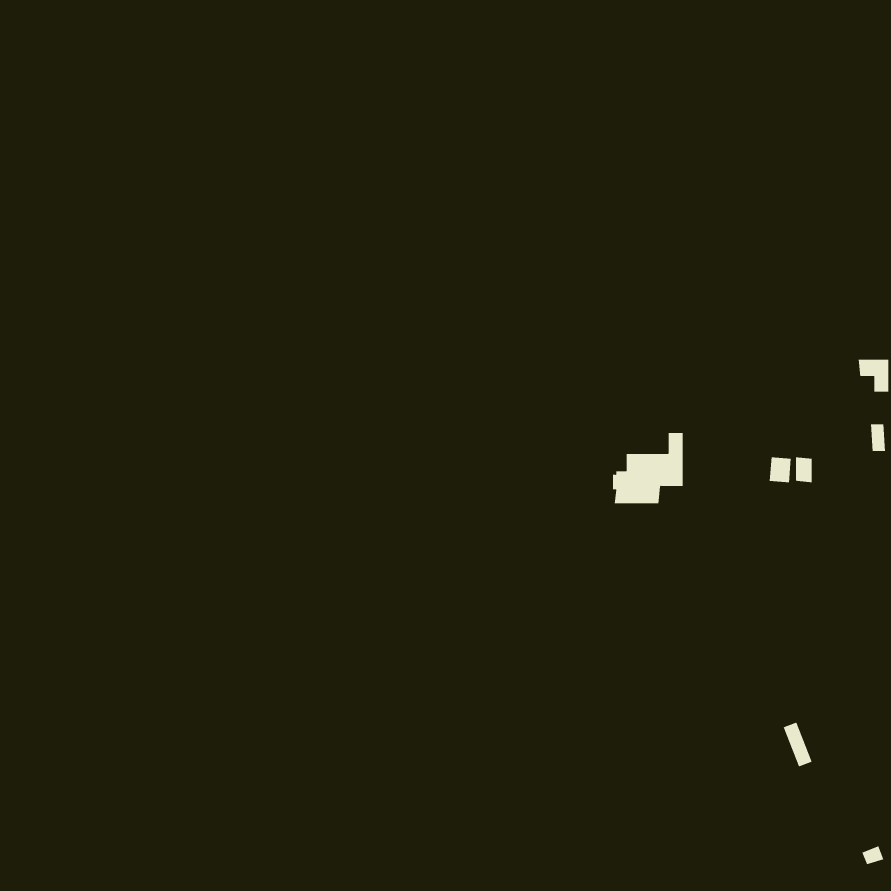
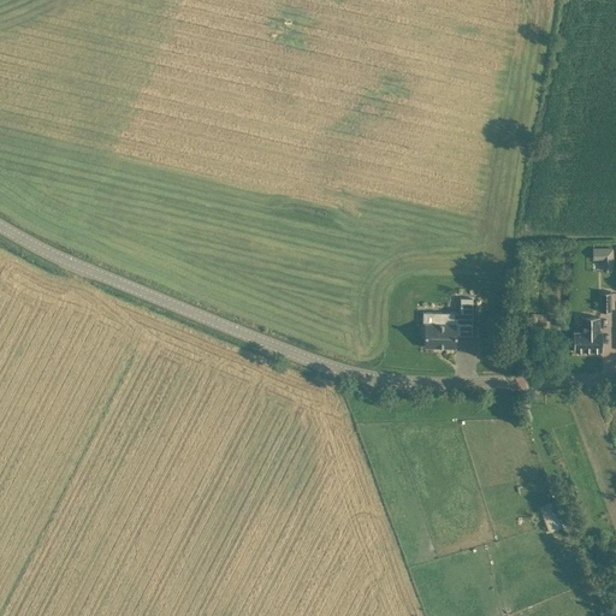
building: none -> [573,316,602,351]

